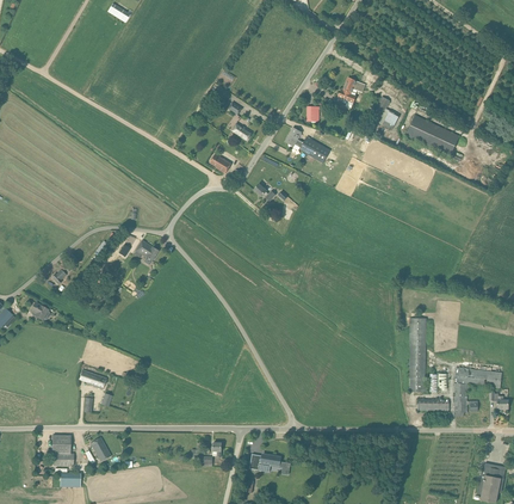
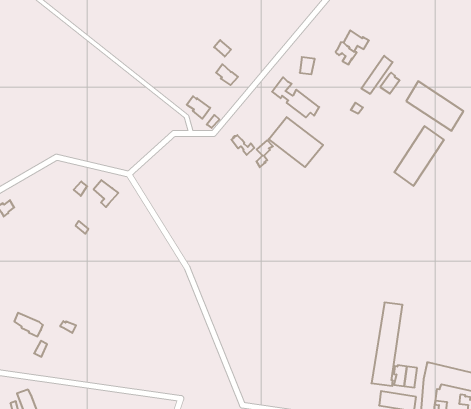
building: none -> [394,126,444,186]
building: none -> [269,117,323,167]

